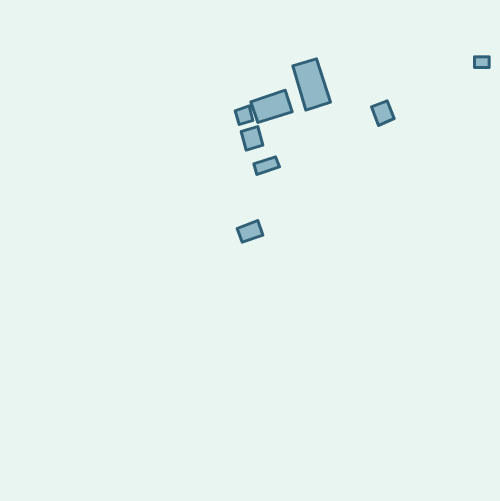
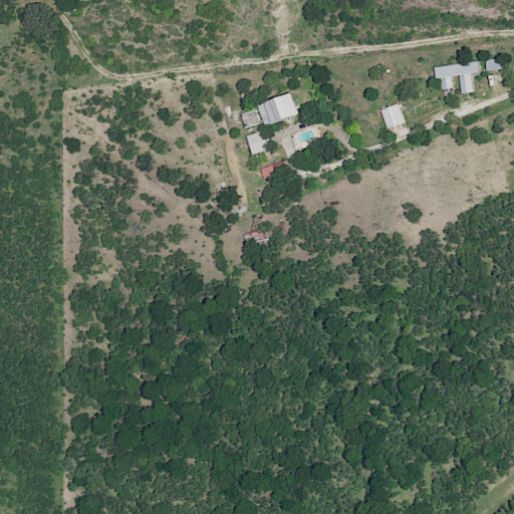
building: [293,59,330,110] -> none
building: none -> [434,61,478,92]

